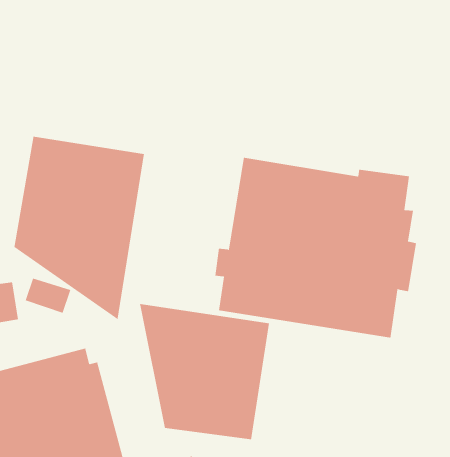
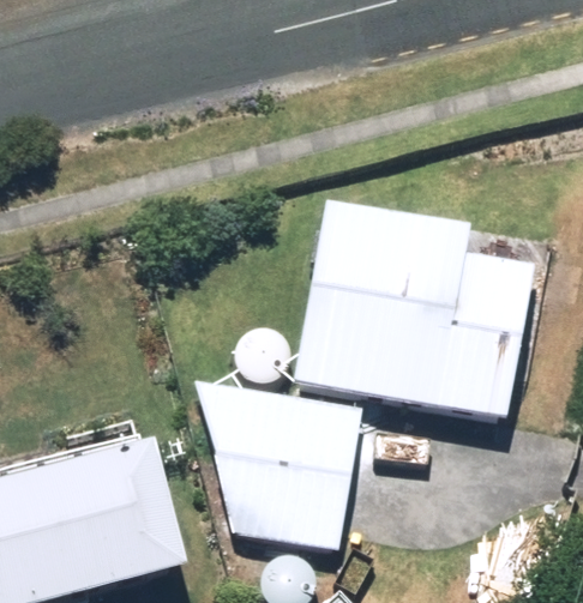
building: [14,136,144,320] -> none

